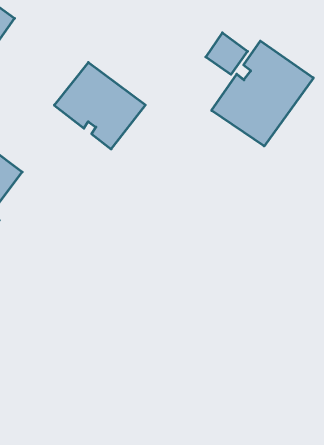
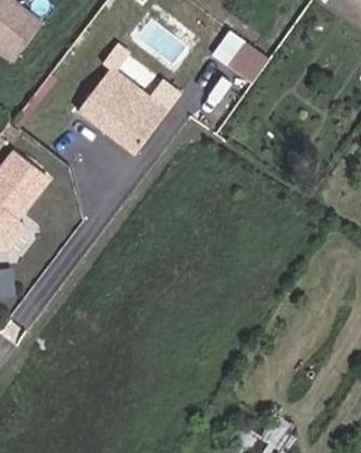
building: [212,41,313,146] -> none

